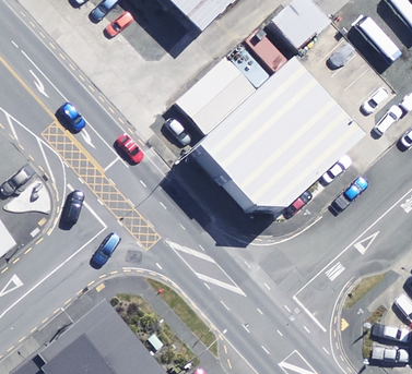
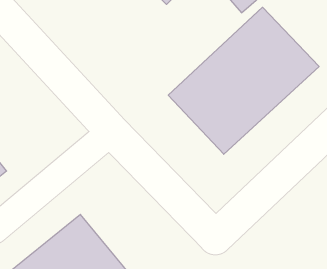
building: [162,68,239,143] -> none

